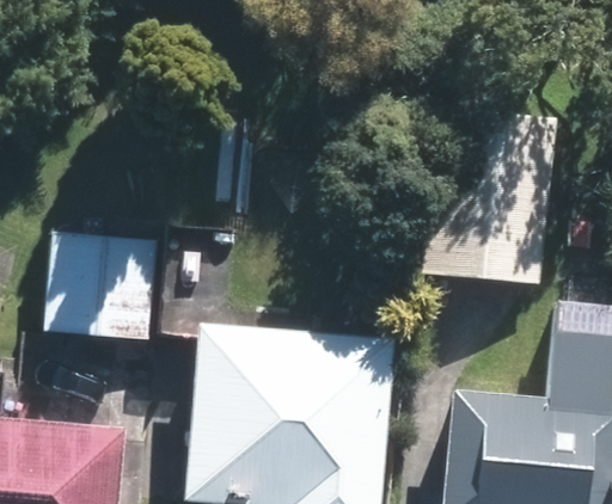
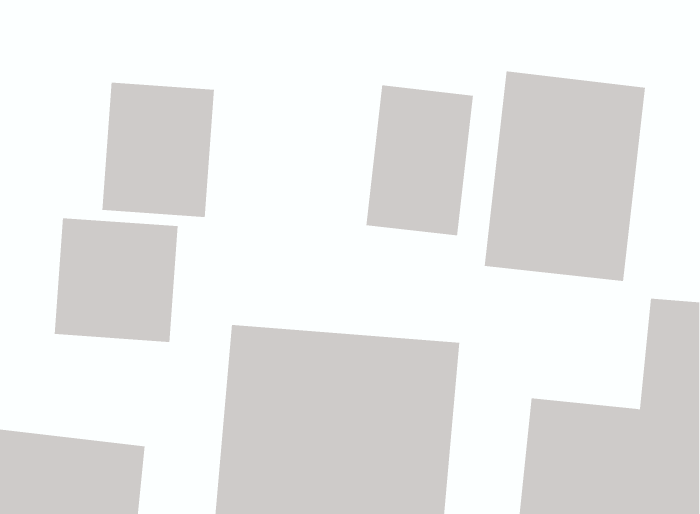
building: none -> [102,82,214,218]
building: none -> [366,85,473,236]

